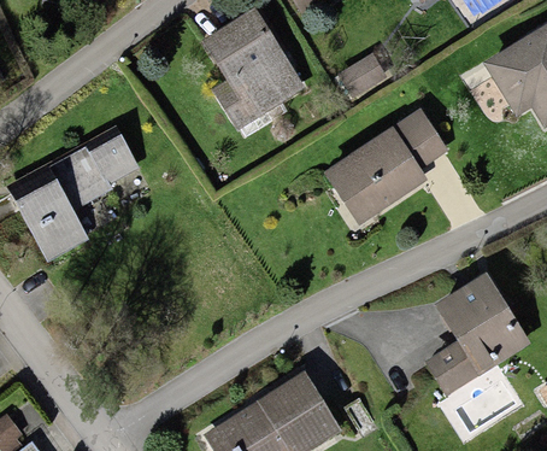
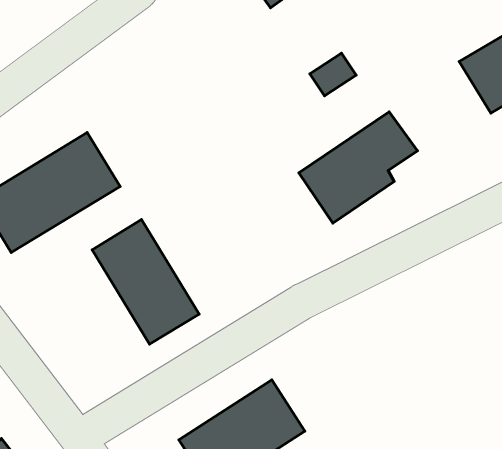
building: [205,11,300,124] -> none
building: none -> [92,220,199,344]
building: [430,276,522,391] -> none

